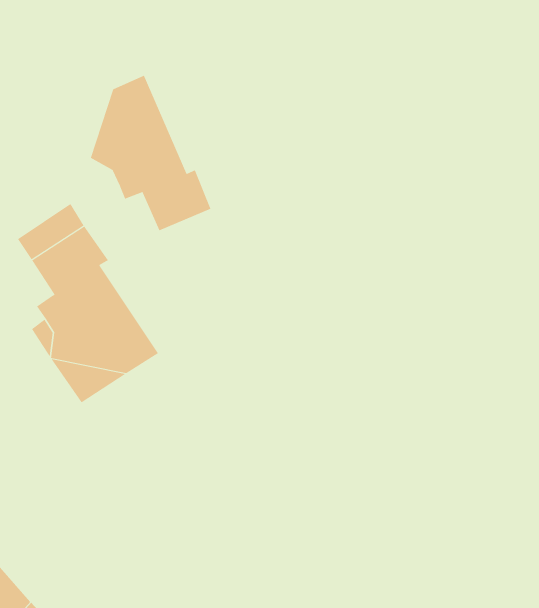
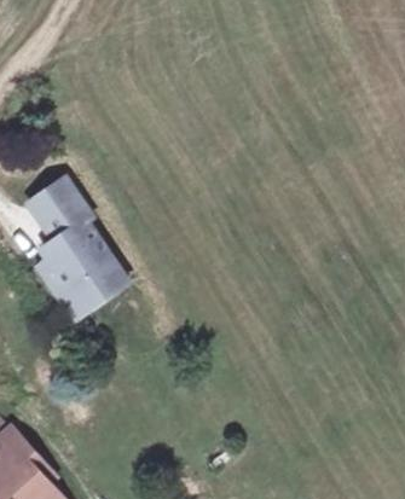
building: [90,75,211,231] -> none

